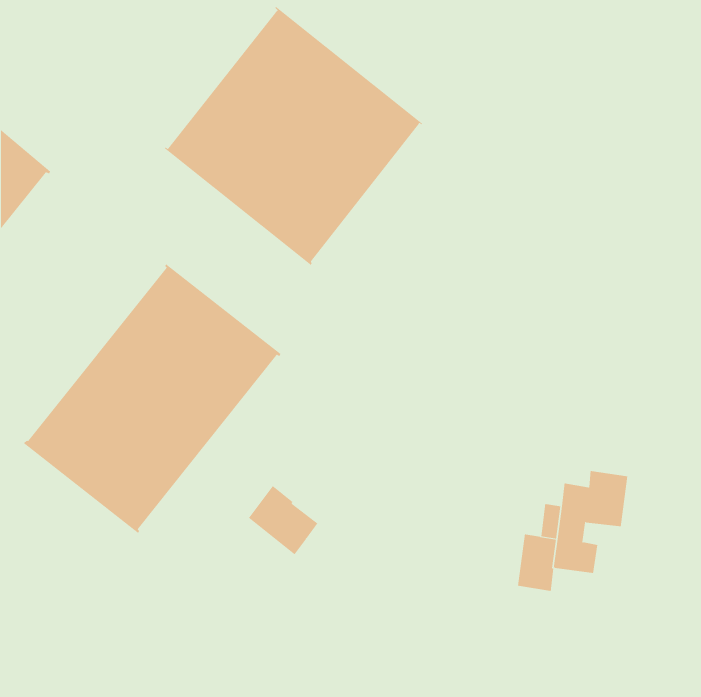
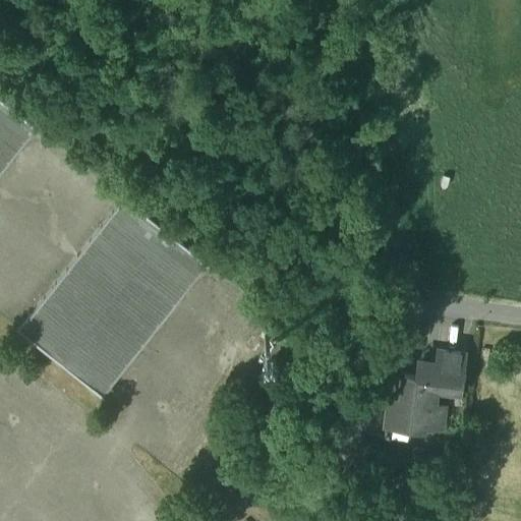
building: [164,6,423,266] -> none
building: [248,485,318,555] -> none

